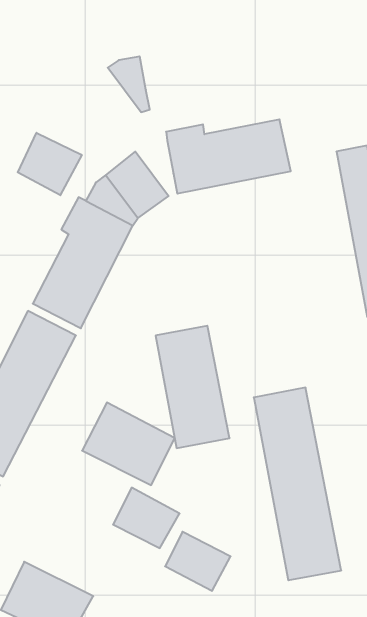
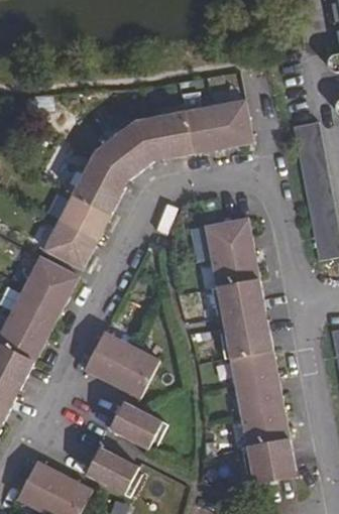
building: [108,56,150,112] -> [127,117,161,162]
building: [18,133,82,195] -> none
building: [156,326,230,448] -> [205,218,265,317]
building: [165,532,231,591] -> [86,446,139,495]

